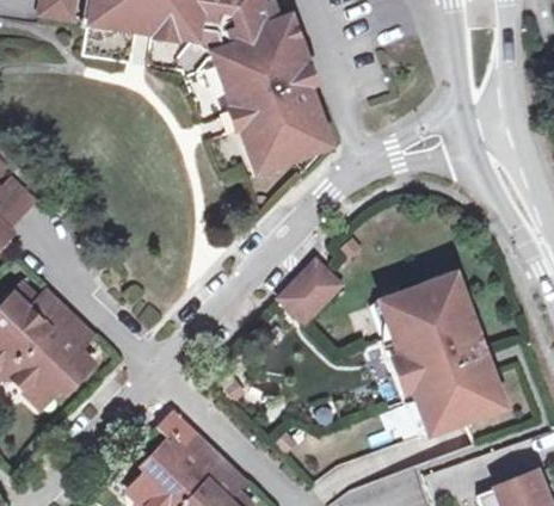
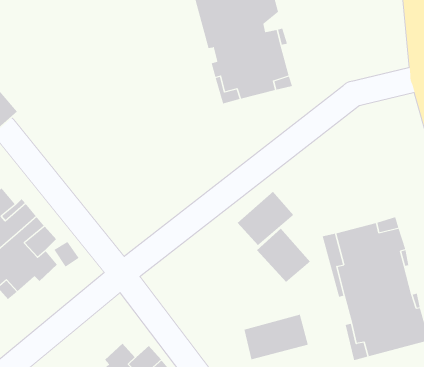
building: none -> [256,228,311,283]
building: none -> [244,314,309,360]

